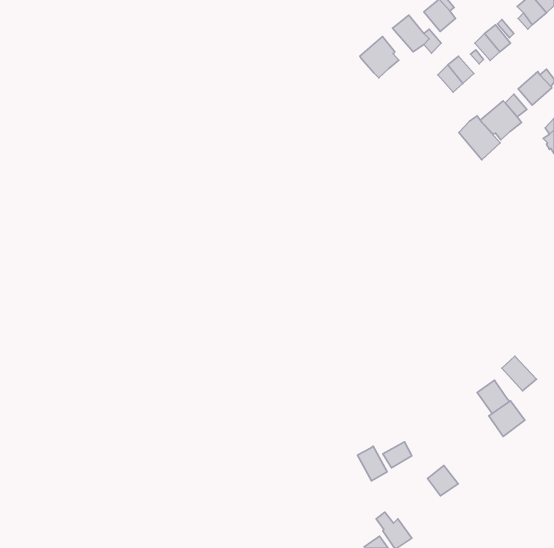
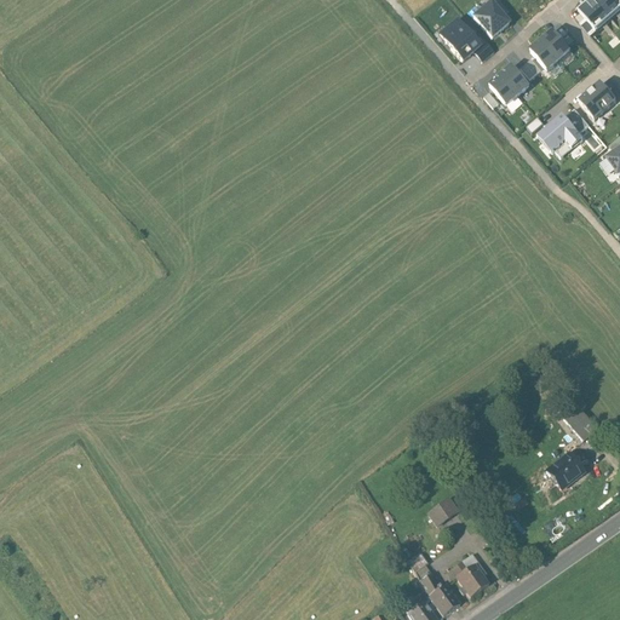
building: [360,37,399,78] -> none
building: [459,116,500,160] -> none
building: [477,380,510,414] -> none
building: [357,446,387,481] -> none
building: [428,465,458,496] -> [457,561,490,595]

